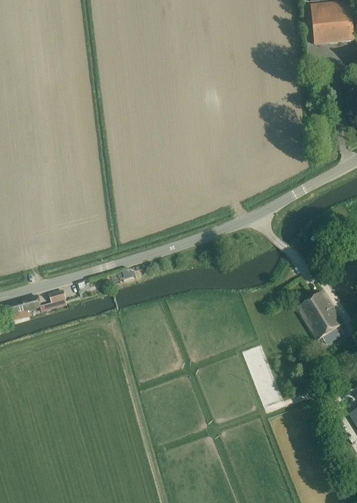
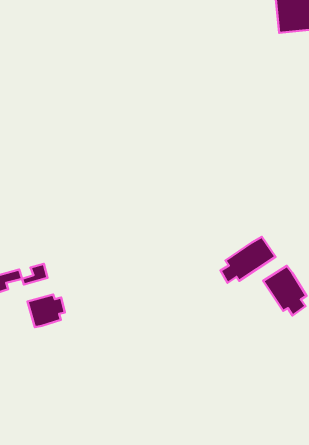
building: none -> [220,237,275,283]
building: none -> [27,294,65,327]

